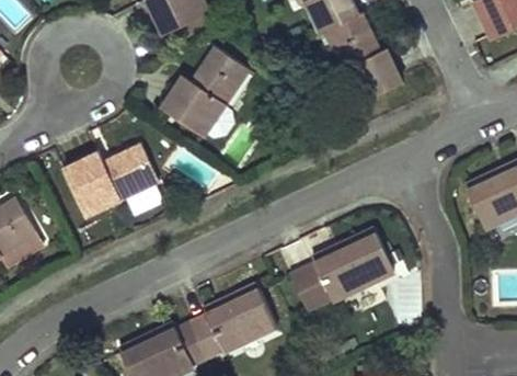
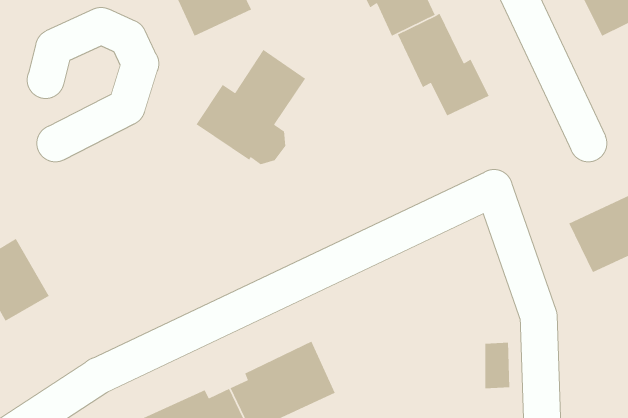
building: [64,146,157,216] -> none
building: [289,230,394,310] -> none

